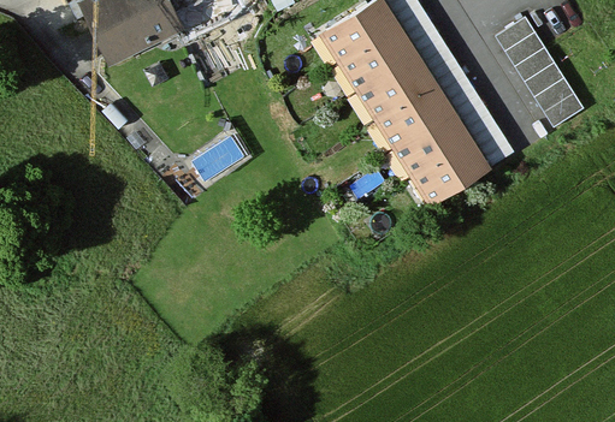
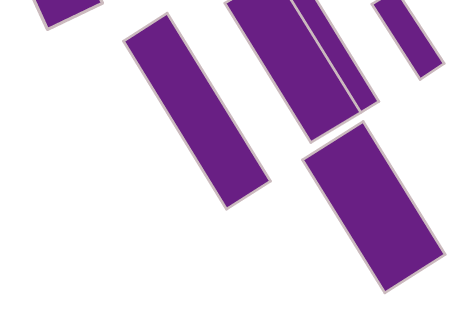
building: none -> [123,13,270,209]
building: none -> [303,122,445,293]

